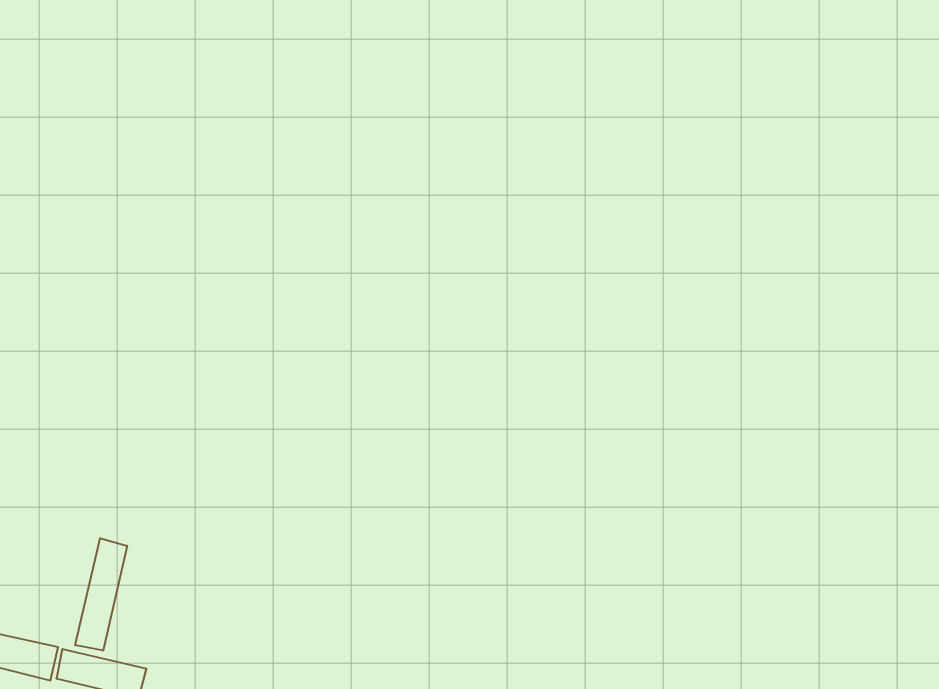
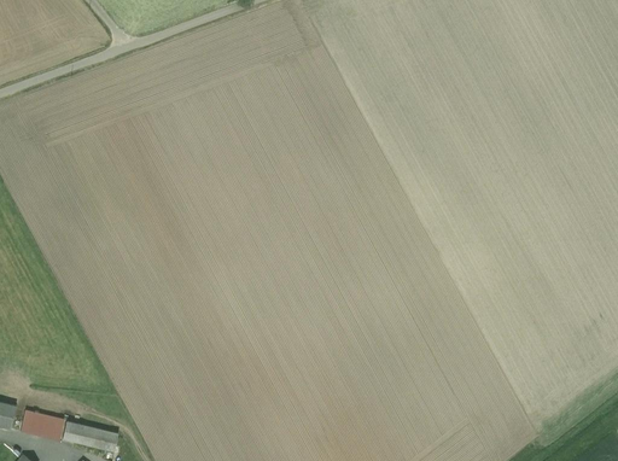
building: [75,538,127,651] -> none

